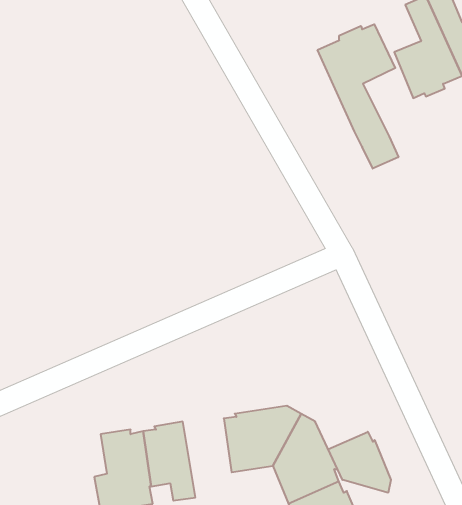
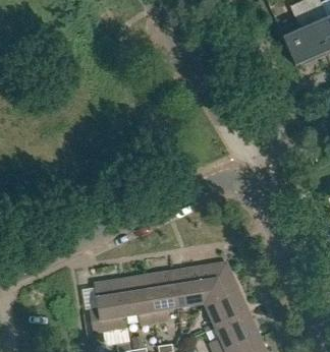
building: [318,24,398,169] -> none
building: none -> [147,270,178,321]
building: [328,432,391,493] -> none

